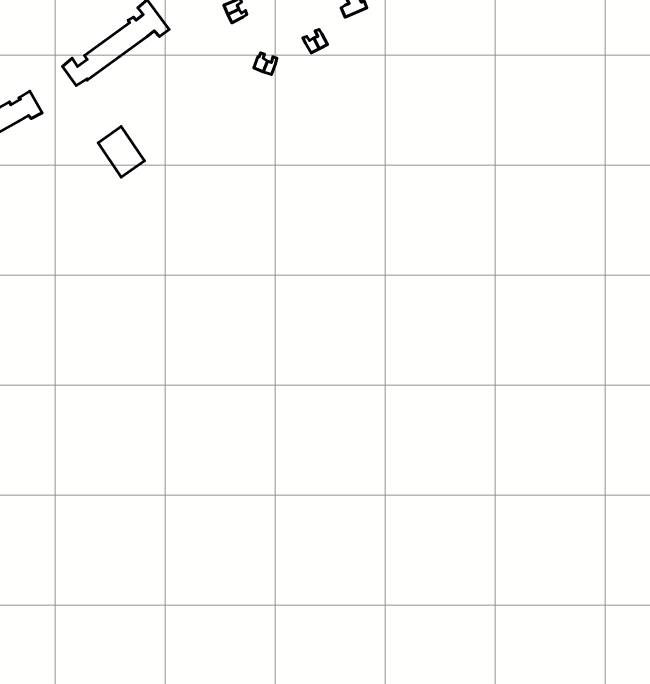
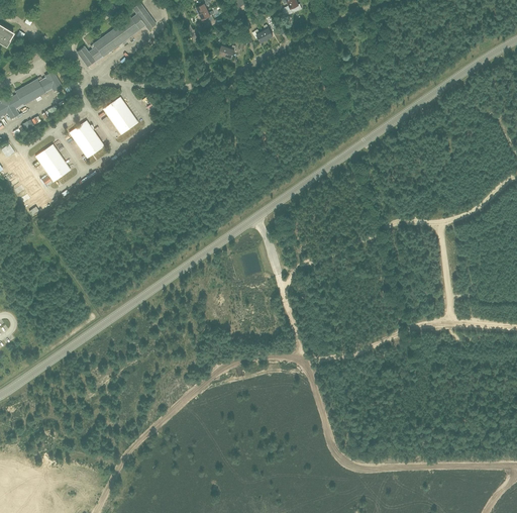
building: none -> [69,121,104,159]
building: none -> [35,144,71,182]

